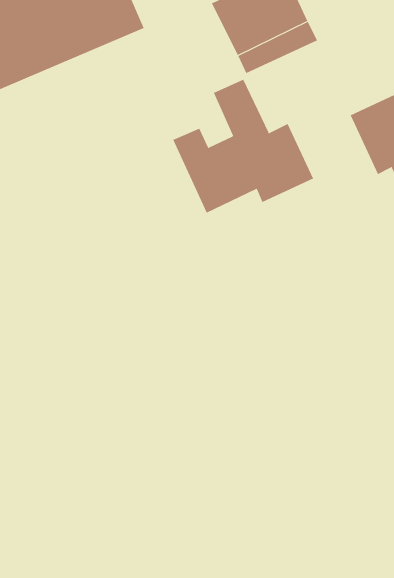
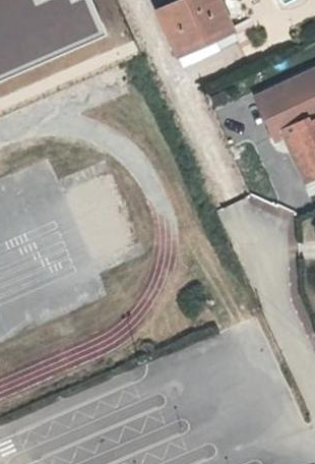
building: [172,79,314,214] -> none

